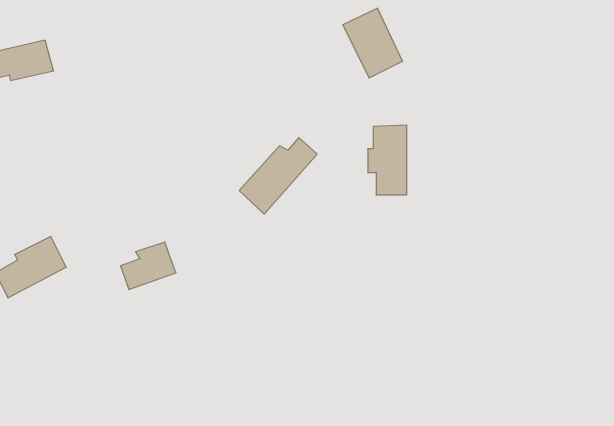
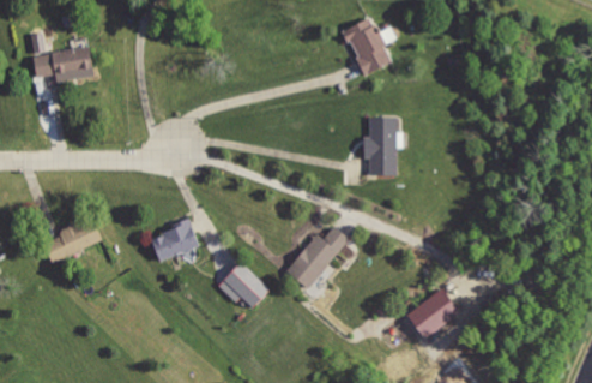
building: [239,138,317,214] -> [284,226,351,292]
building: none -> [217,261,268,306]
building: none -> [406,287,459,337]

